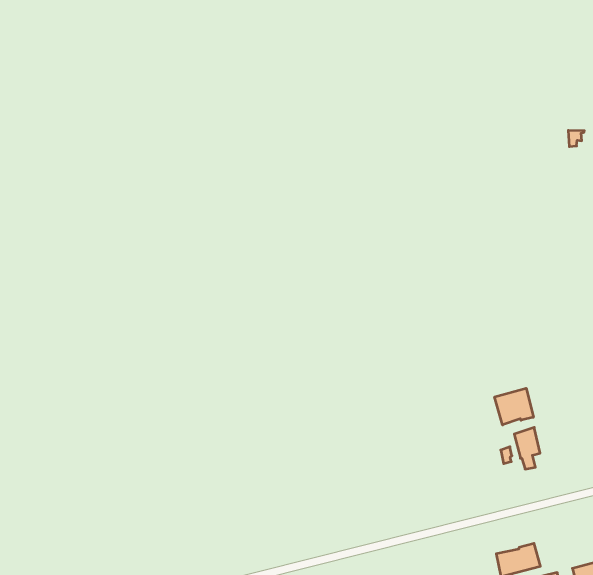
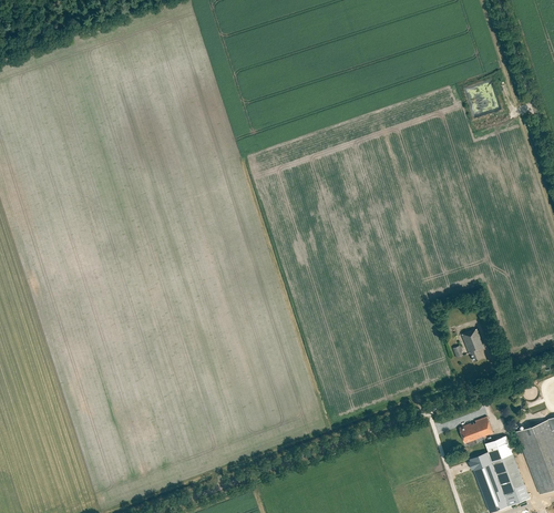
building: [495,388,533,425] -> none

